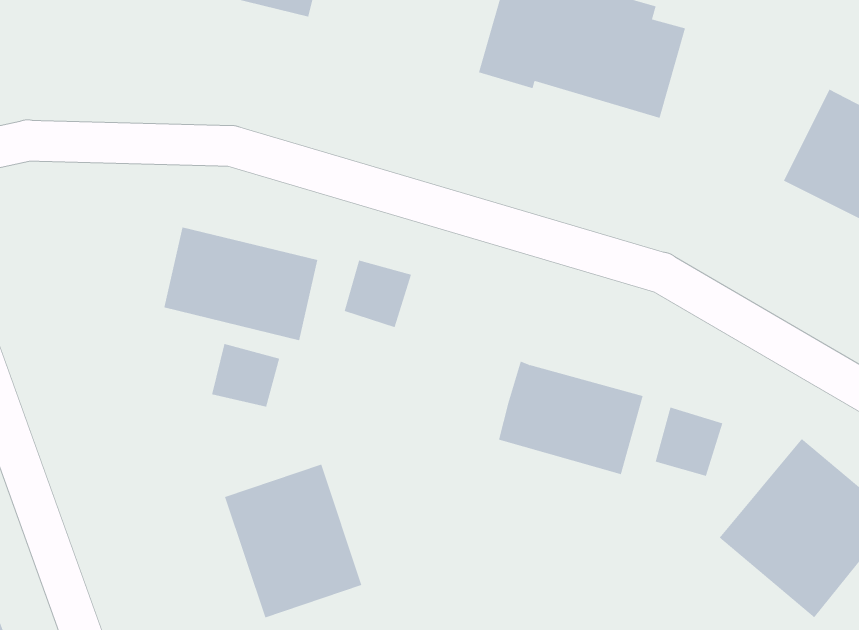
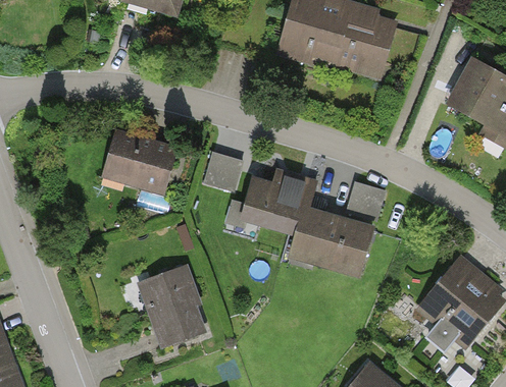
building: none -> [239,170,314,231]
building: [212,343,280,408] -> none
building: [655,407,723,477] -> [346,179,384,218]

